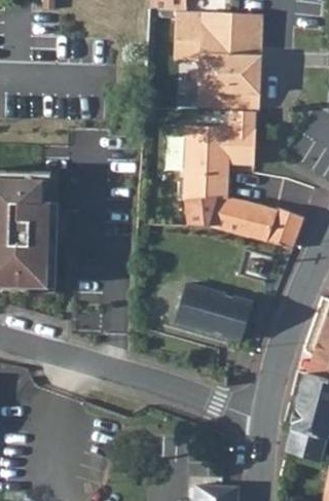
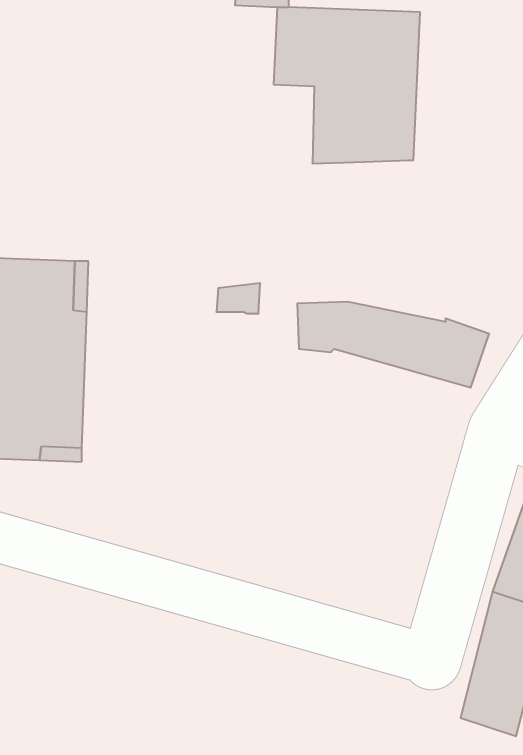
building: [185,111,255,199] -> none
building: [176,285,254,341] -> none

